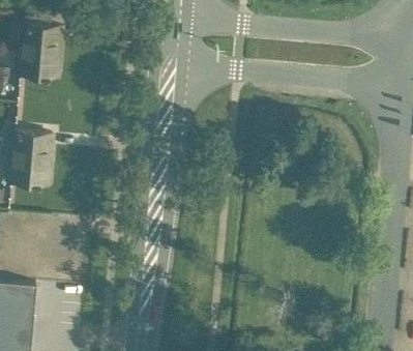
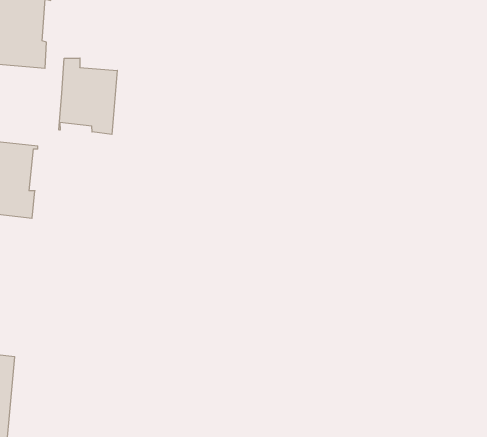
building: none -> [59,58,117,134]

